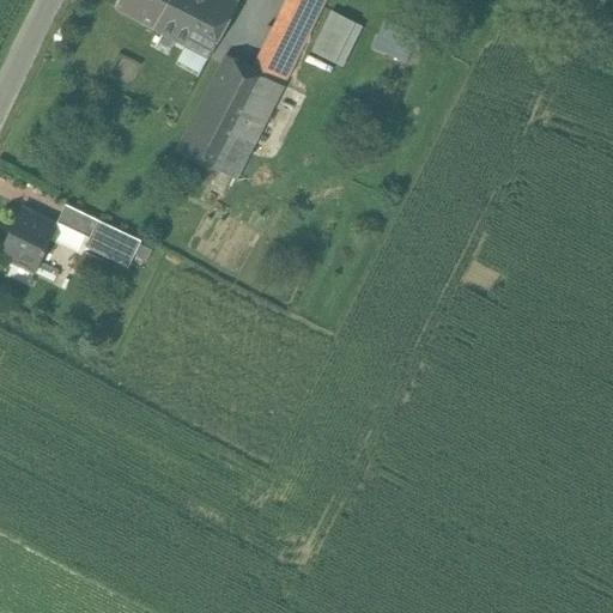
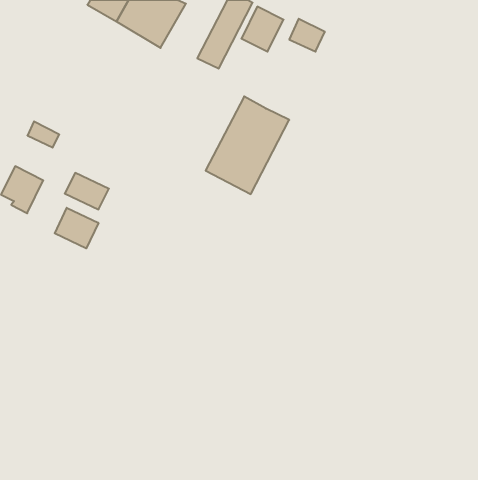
building: [175,59,281,183] -> [206,96,289,194]
building: [55,204,96,237] -> [27,121,59,148]
building: none -> [55,208,98,248]

